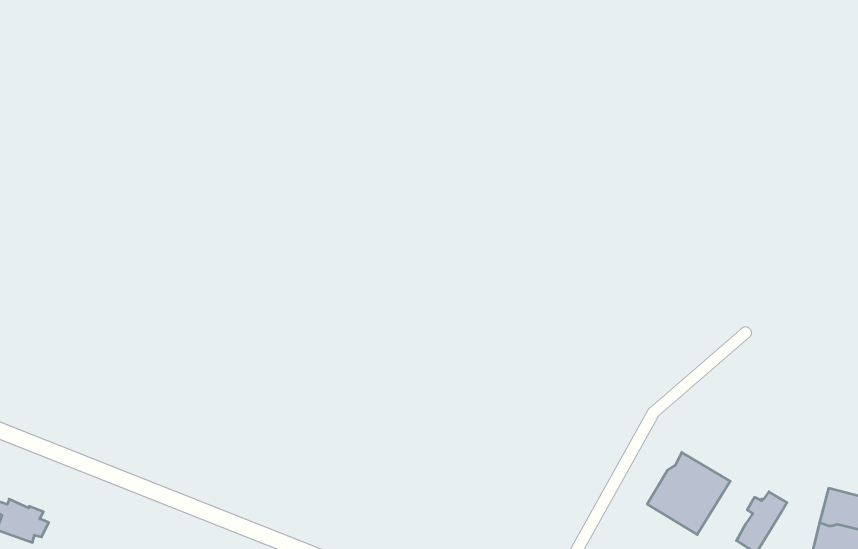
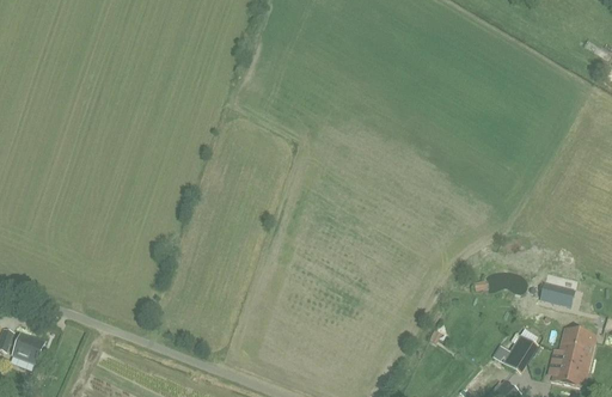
building: none -> [539,282,574,306]
building: [647,452,730,535] -> none

